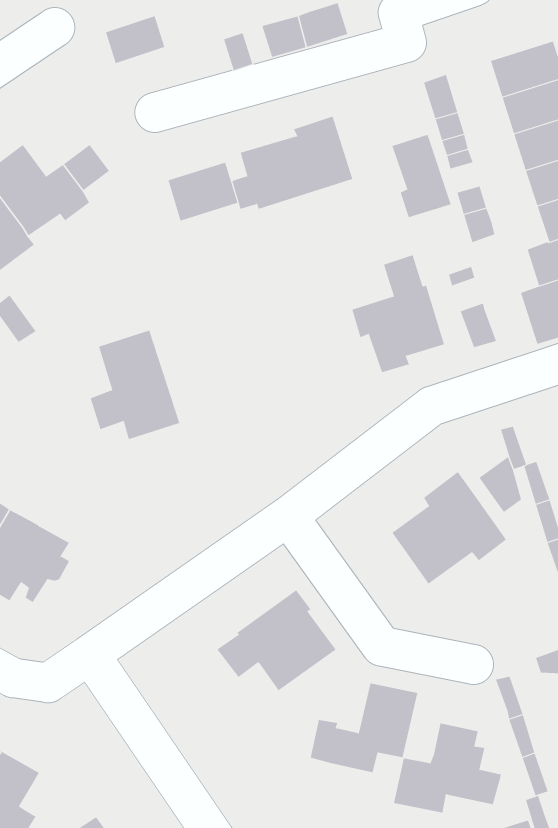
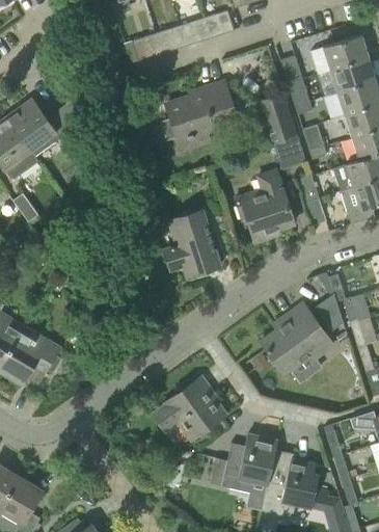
building: [105,15,165,64] -> [125,33,162,63]
building: [168,162,238,222] -> none
building: none -> [274,137,305,168]
building: [90,330,180,440] -> [163,208,219,276]

